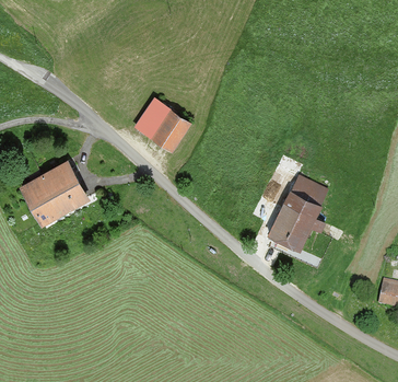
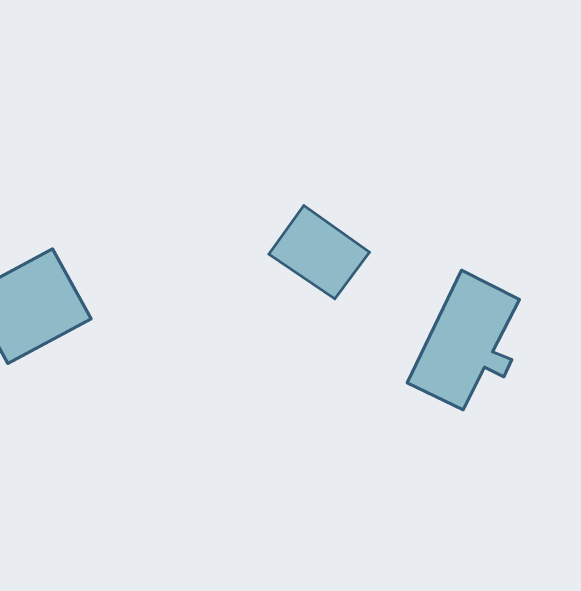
building: [136,99,192,151] -> [269,206,370,299]

